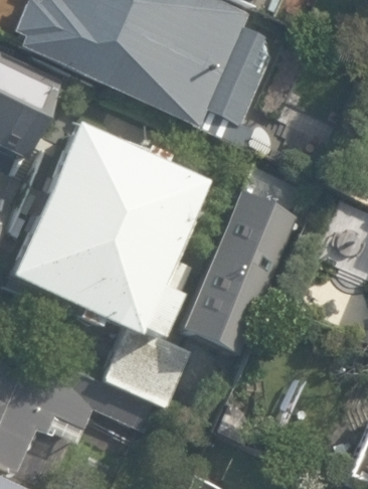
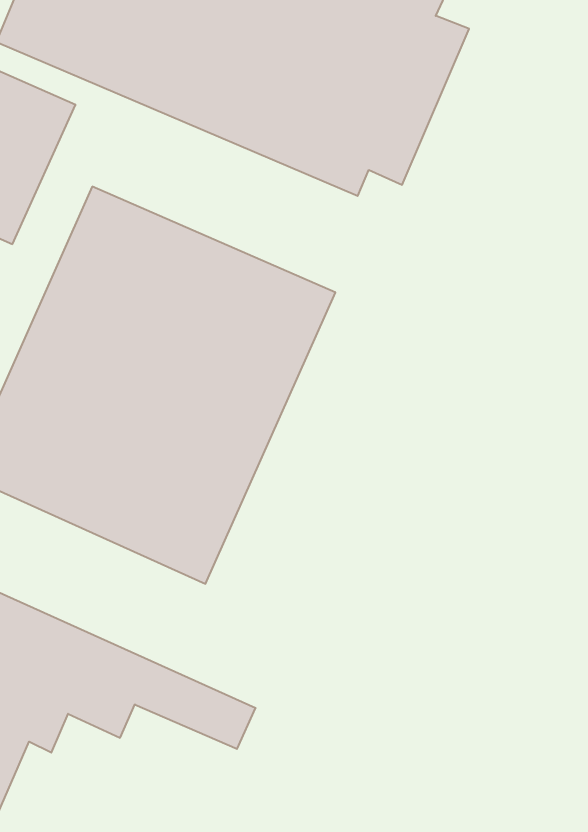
building: [179,186,306,353] -> none

